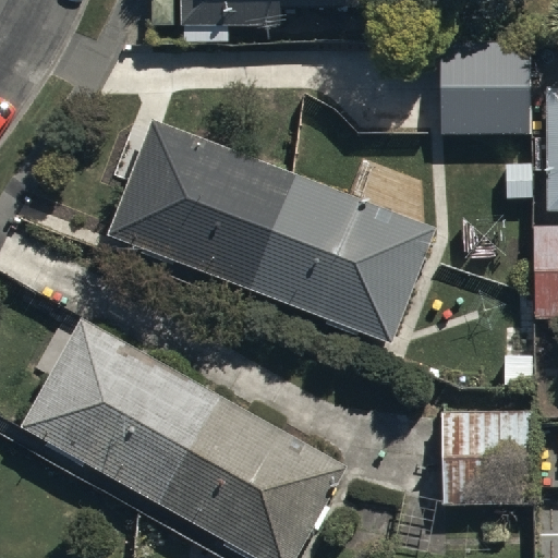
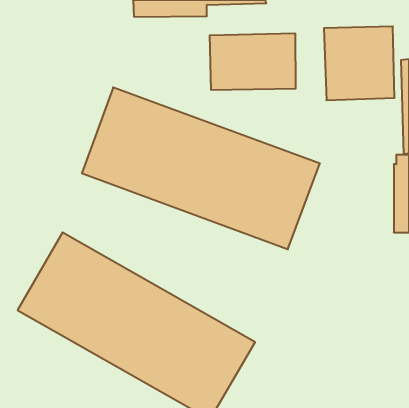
building: none -> [210,33,296,90]
building: [440,404,511,507] -> none

